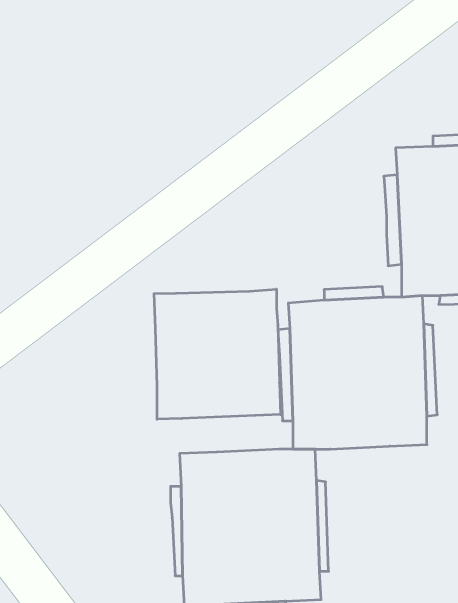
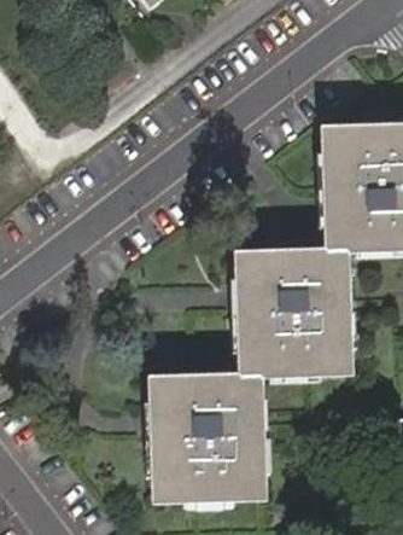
building: [154,289,281,419] -> none

